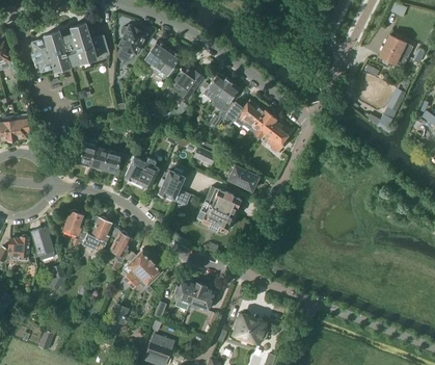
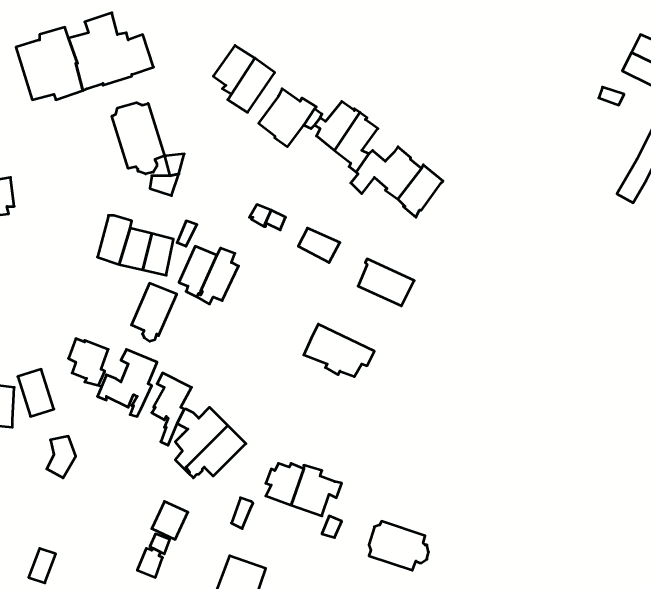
building: [119,24,146,53] -> none
building: none -> [112,103,164,174]
building: [264,120,290,151] -> none
building: [159,168,185,202] -> [131,283,177,341]
building: [205,186,243,216] -> none

